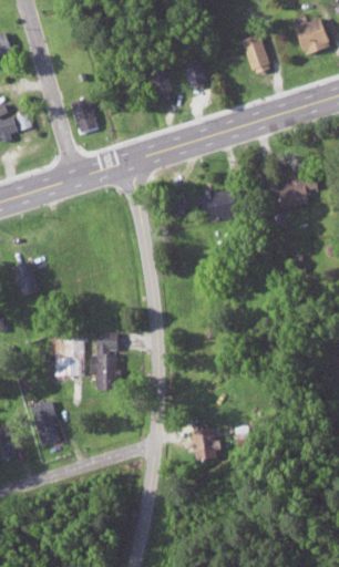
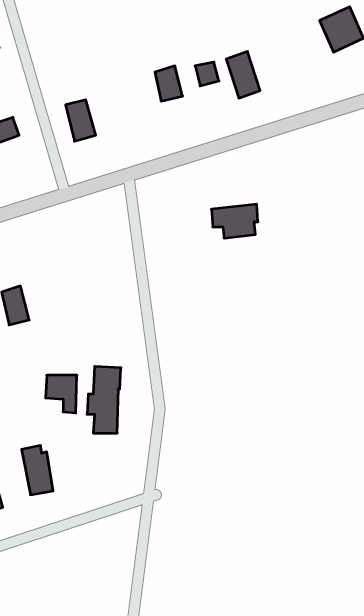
building: [240,34,270,75] -> [226,52,260,98]
building: [278,174,318,208] -> none
building: [192,429,218,460] -> none

